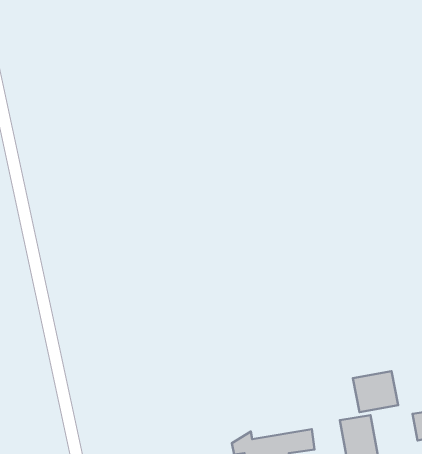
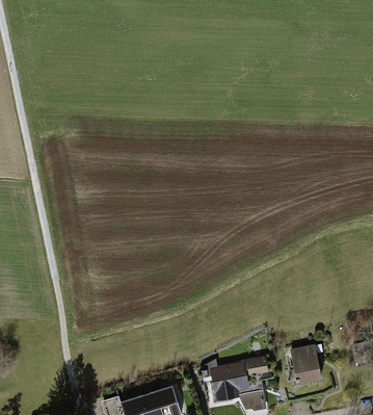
building: [353,371,398,412] -> none

